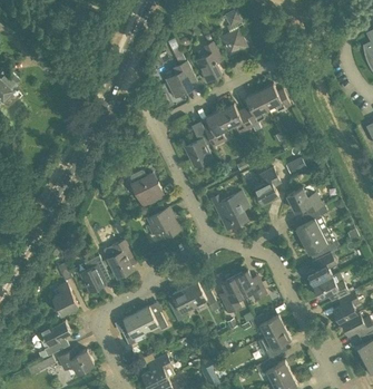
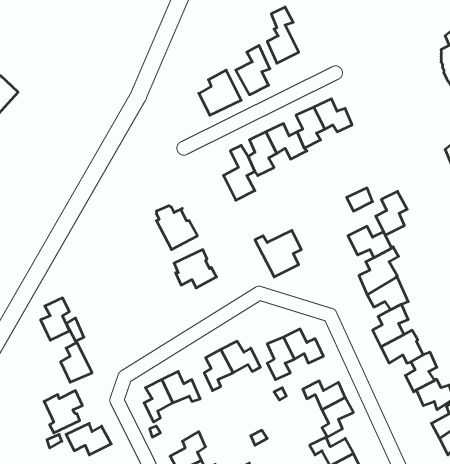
building: [254,168,279,204] -> [376,191,407,235]
building: [107,240,132,279] -> none
building: [80,257,104,292] -> [41,298,69,340]

